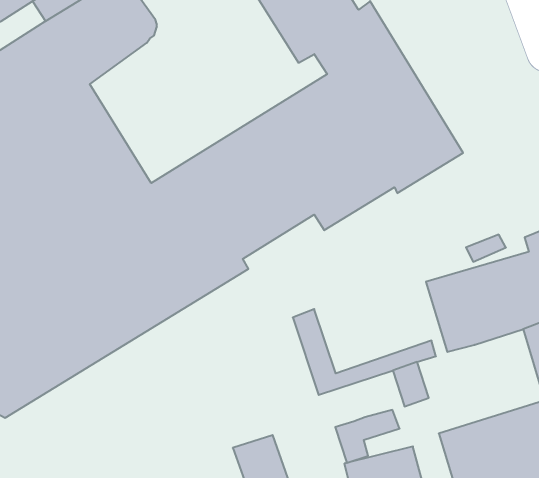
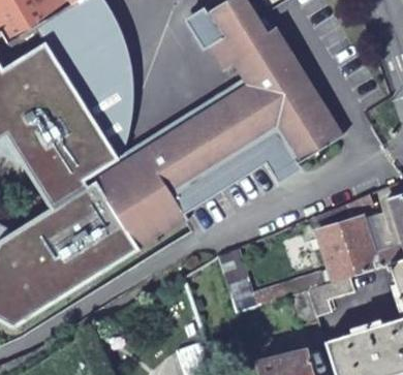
building: none -> [73,39,135,157]
building: [335,410,400,463] -> [310,274,357,312]

